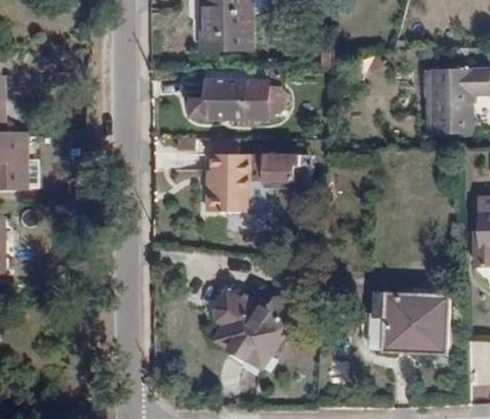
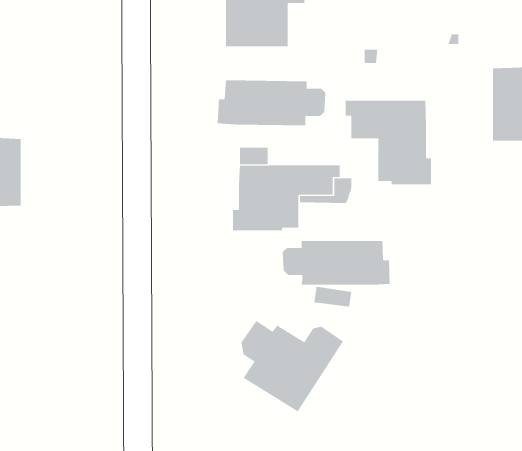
building: none -> [345,100,431,185]
building: none -> [282,240,390,285]
building: [368,292,449,351] -> none

